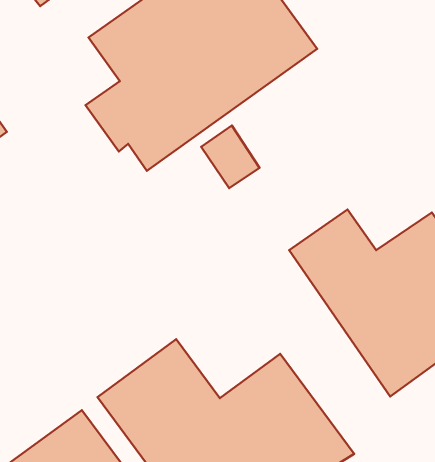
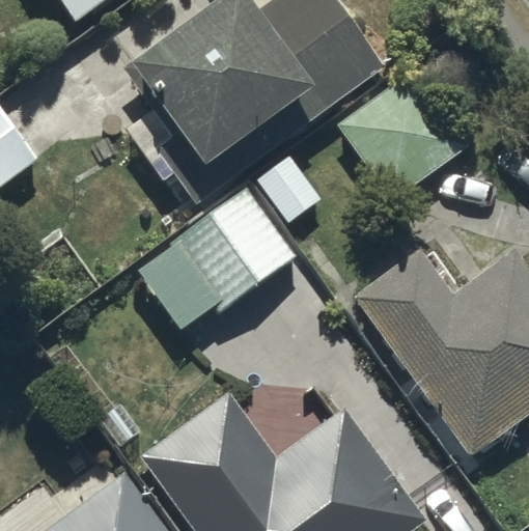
building: none -> [337,68,469,200]
building: none -> [138,185,296,329]

